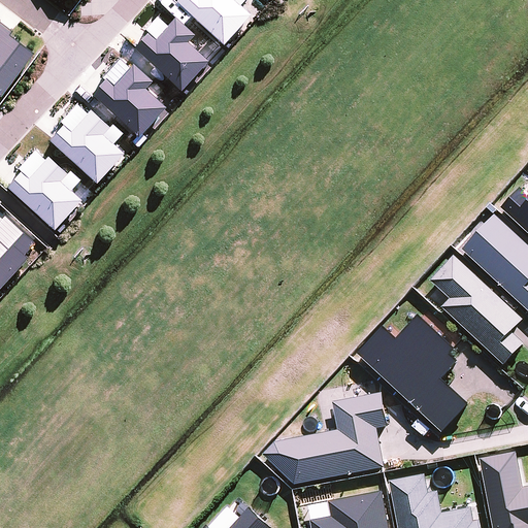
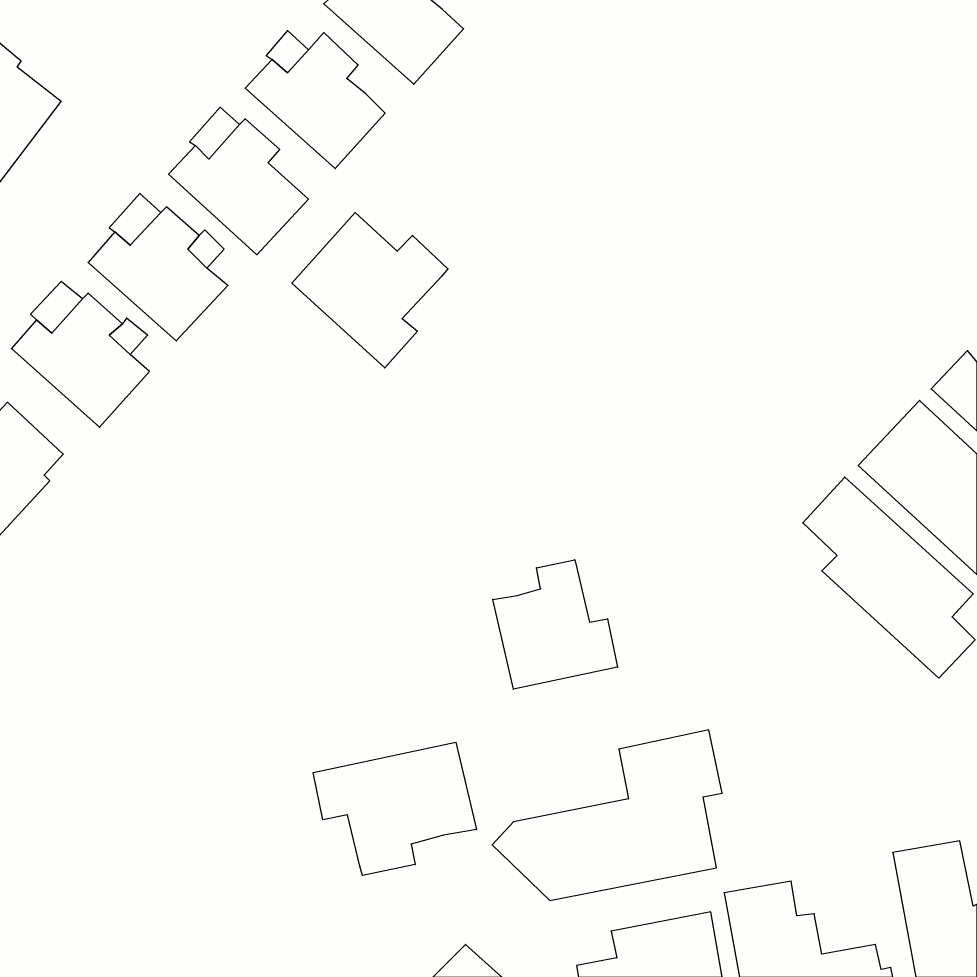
building: none -> [292,213,448,368]
building: none -> [493,560,618,689]
building: [359,318,469,433] -> none
building: none -> [313,742,477,875]

